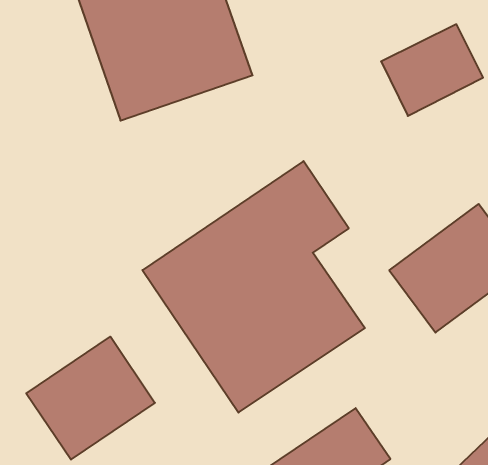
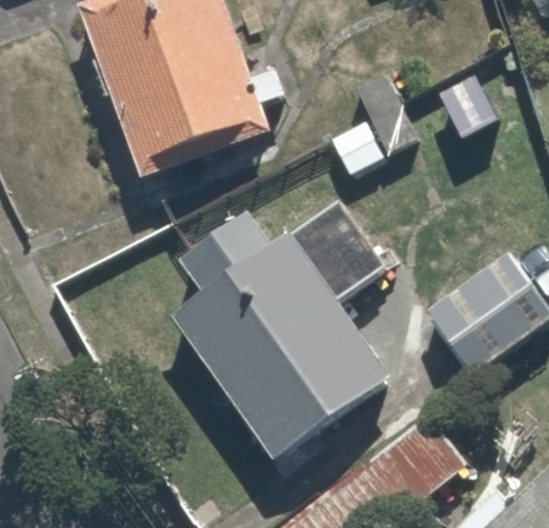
building: [26,337,155,460] -> none

